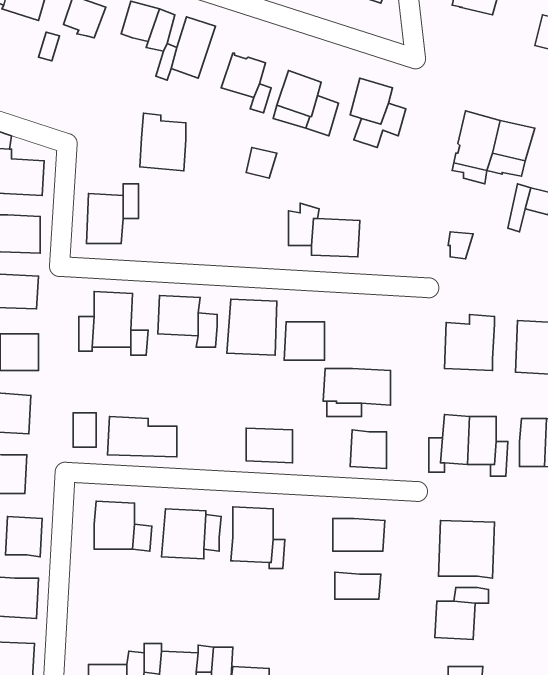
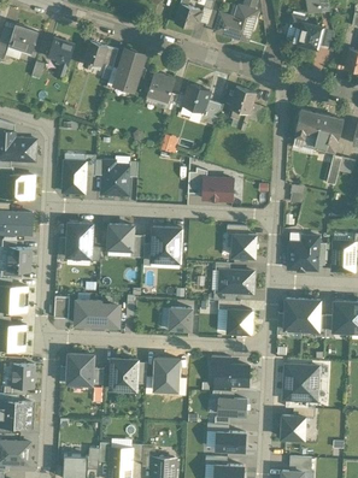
building: [140,113,186,171] -> [101,159,130,195]
building: [284,322,325,360] -> [233,234,258,258]
building: none -> [216,431,245,450]

